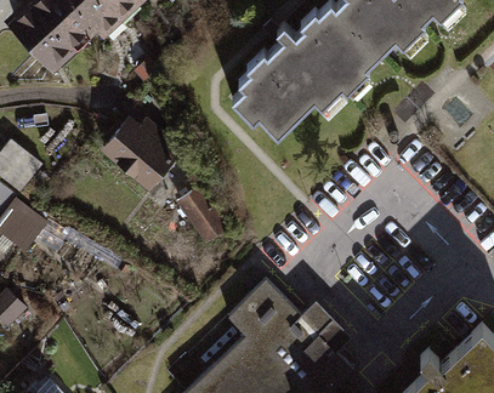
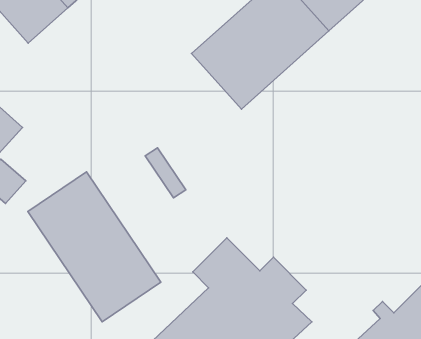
building: [101,116,178,190] -> none
building: none -> [28,172,161,322]

